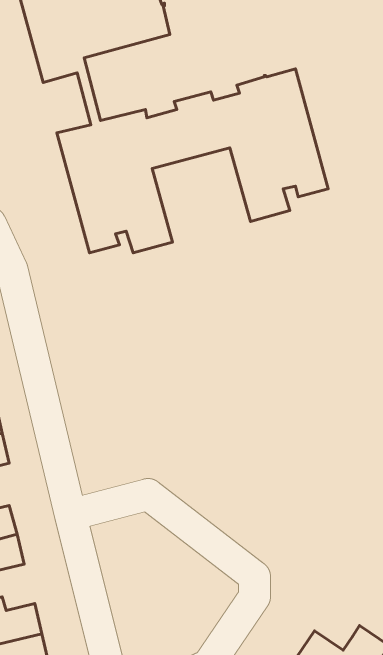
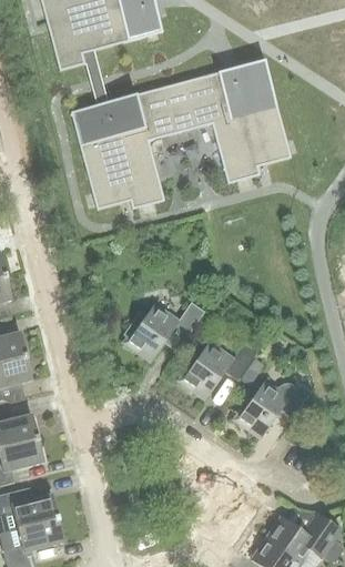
building: none -> [124,302,204,360]
building: none -> [182,343,256,397]
building: none -> [237,381,311,436]

